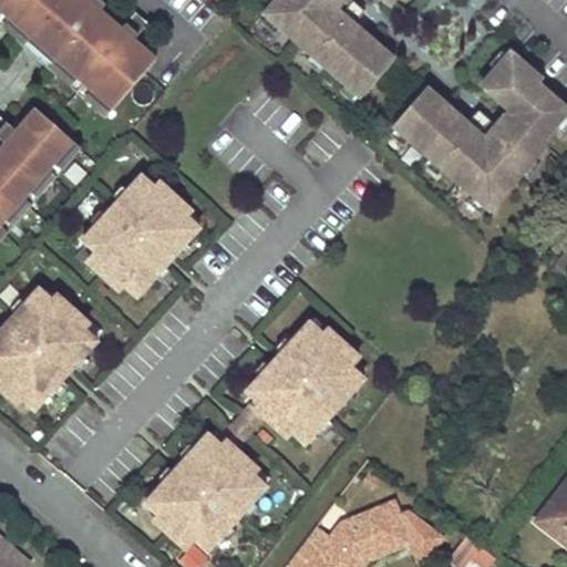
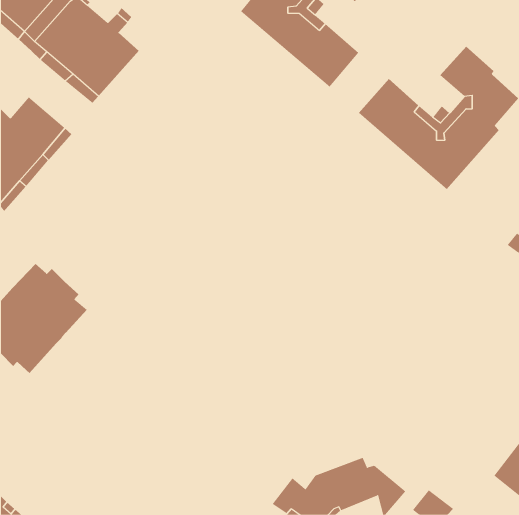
building: [84,175,198,293] -> none
building: [145,318,367,550] -> none

